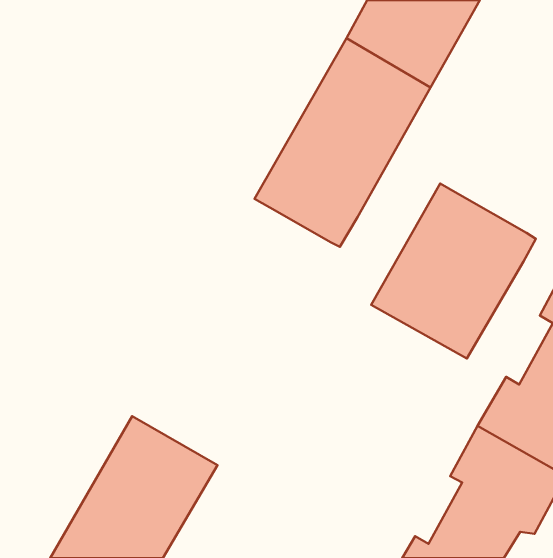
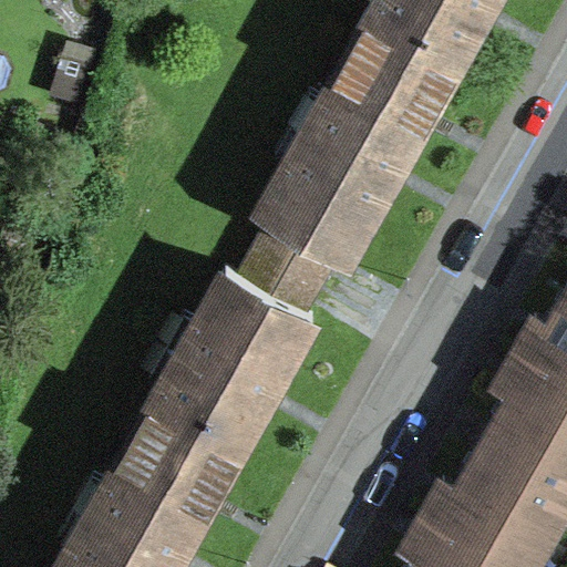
building: [371,184,536,359] -> none
building: none -> [140,210,341,472]

